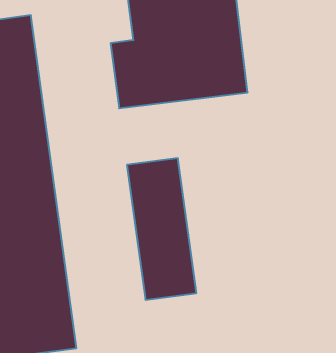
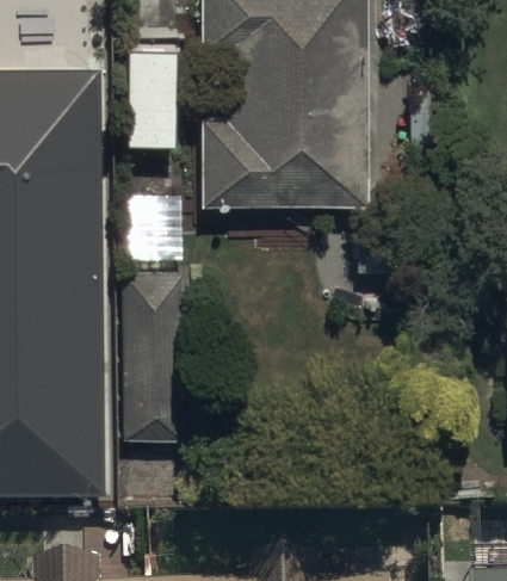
building: [127,158,196,300] -> [117,272,183,443]

